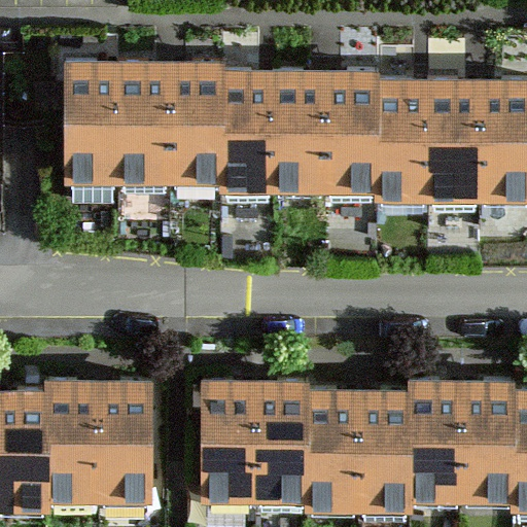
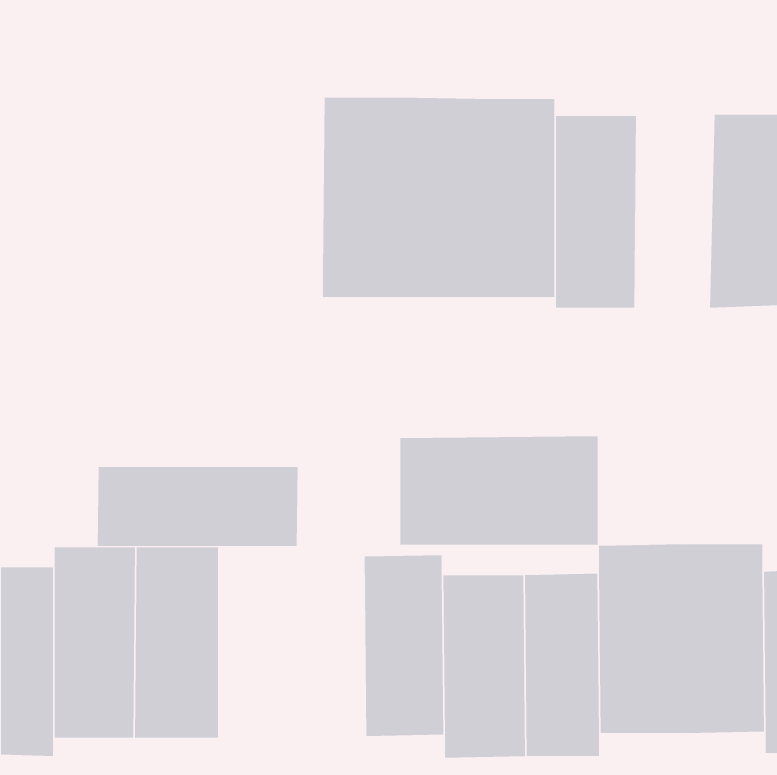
building: [63,59,223,189] -> none
building: [431,84,484,214] -> none
building: none -> [400,435,598,545]
building: none -> [97,466,298,547]
building: [197,380,251,500] -> none

